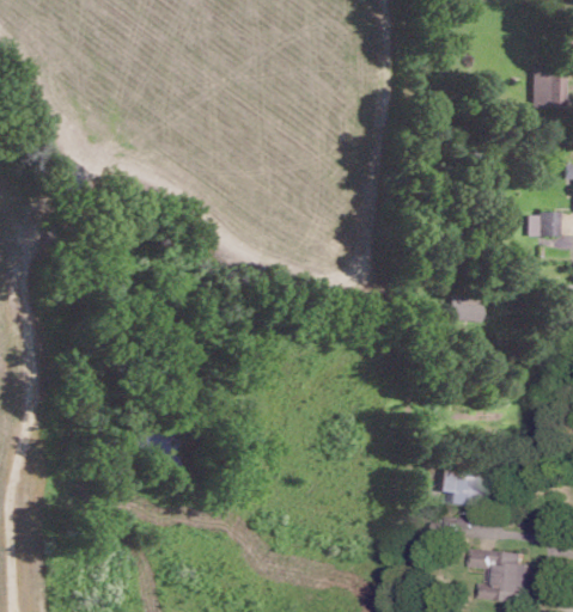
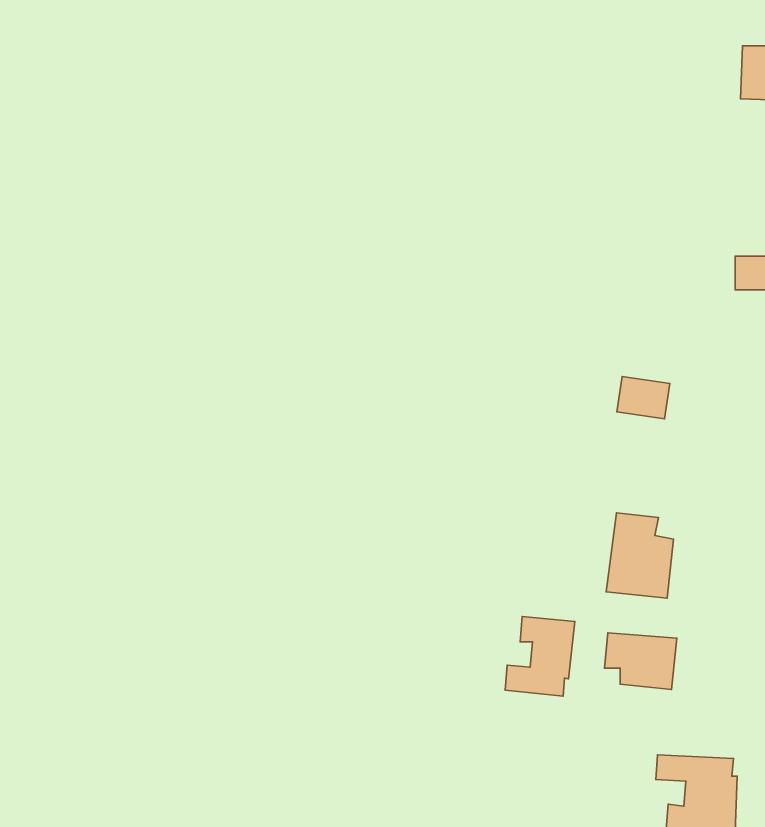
building: none -> [606,513,673,598]
building: none -> [505,617,575,696]

